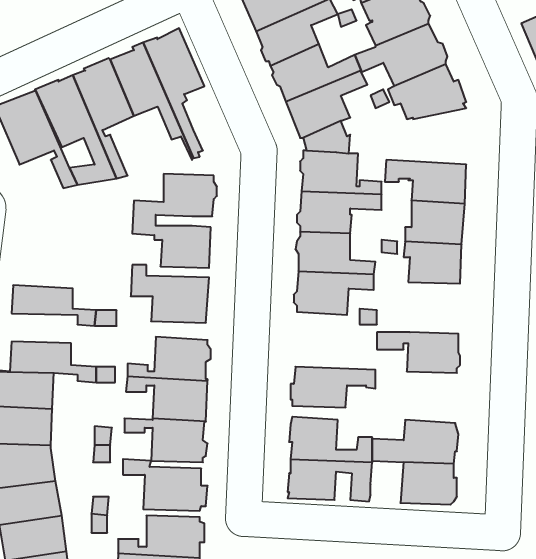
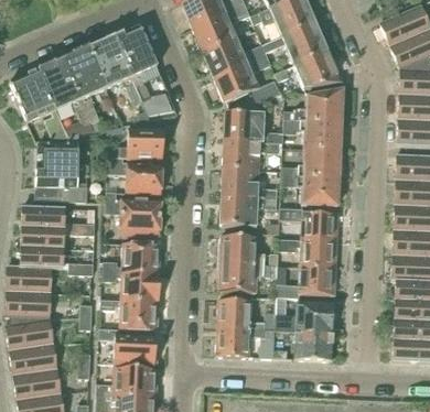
building: none -> [286,88,343,120]
building: none -> [35,142,89,199]
building: none -> [280,207,338,239]
building: none -> [22,225,68,246]
building: none -> [219,234,279,264]
building: none -> [277,265,336,296]

